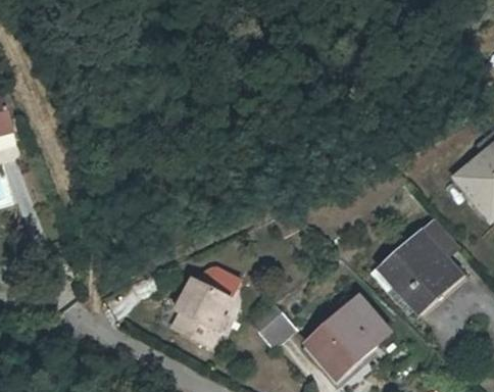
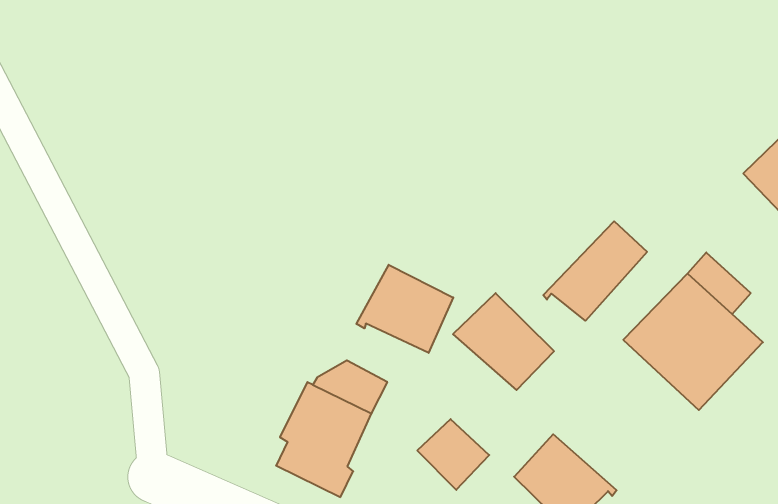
building: none -> [543,221,647,321]
building: none -> [356,265,453,353]
building: [331,297,389,355] -> [453,293,554,390]

